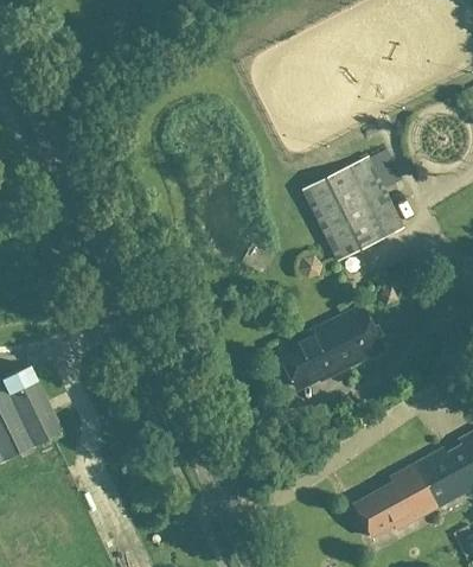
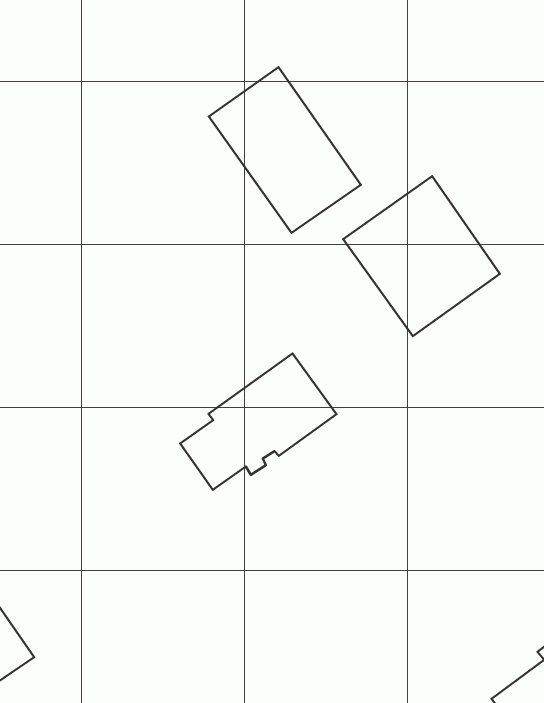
building: none -> [209,67,361,233]
building: [279,305,383,386] -> [180,353,337,490]

